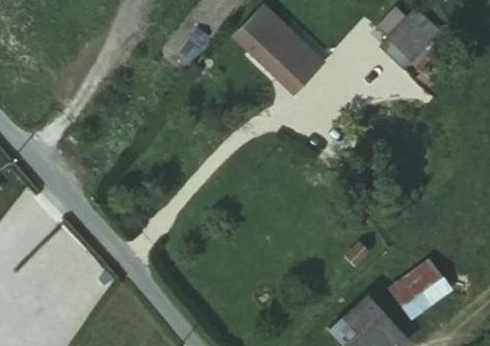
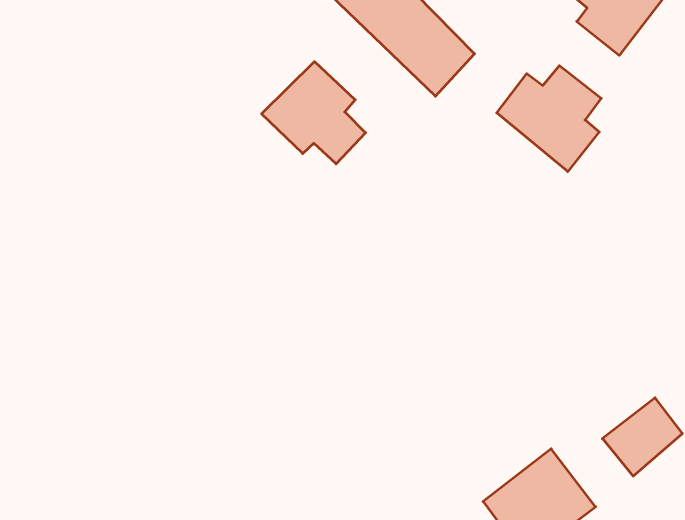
building: none -> [262,62,366,164]
building: none -> [497,66,601,172]

